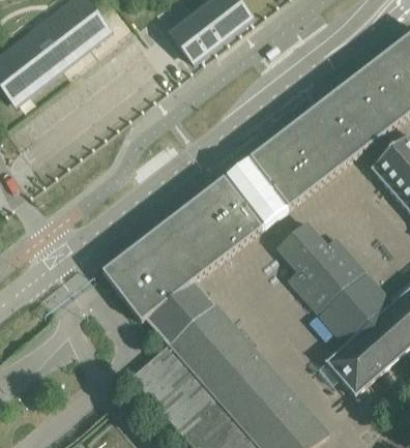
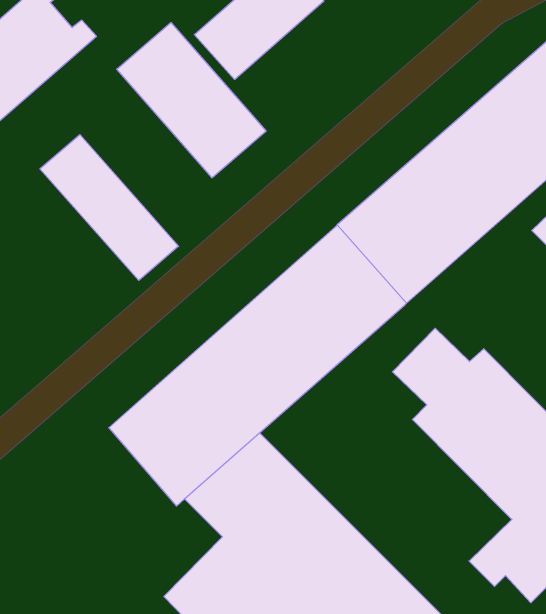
building: none -> [117,23,266,178]
building: none -> [40,135,179,280]

